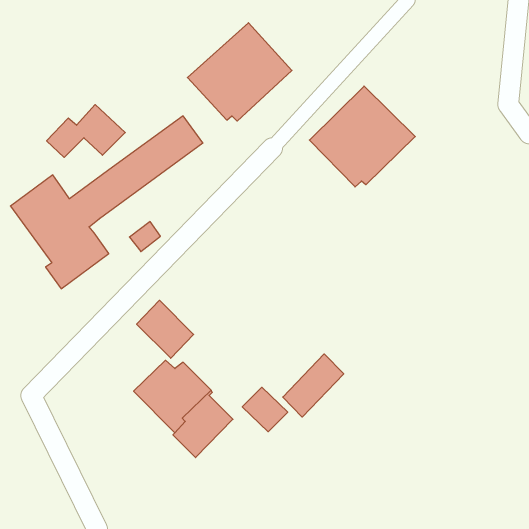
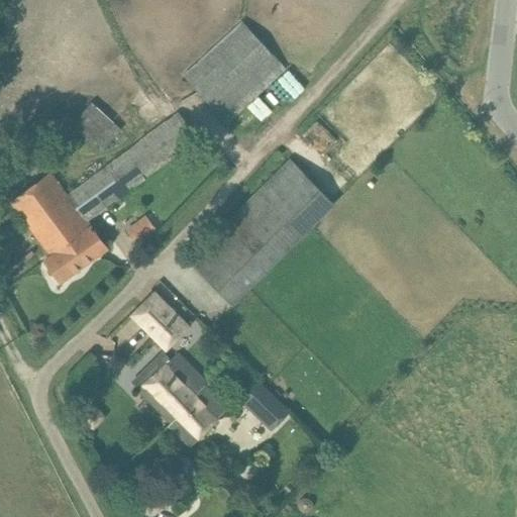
building: [309,86,415,187] -> none
building: none -> [189,160,334,304]
building: [283,354,344,417] -> none

